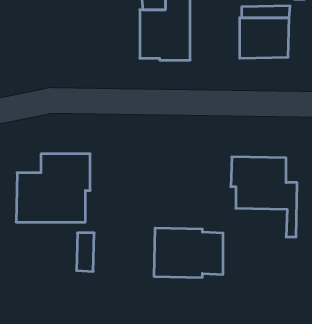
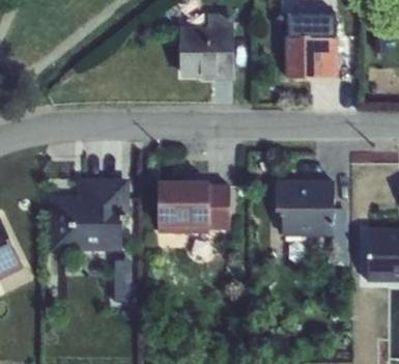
building: [154,228,223,277] -> [158,180,230,232]

